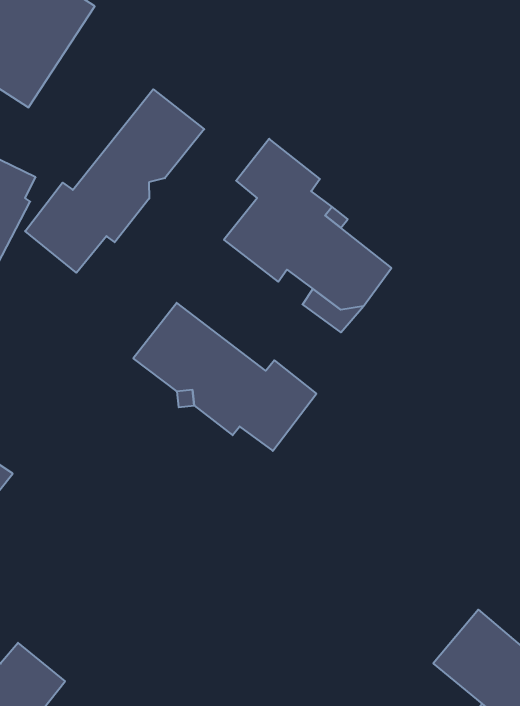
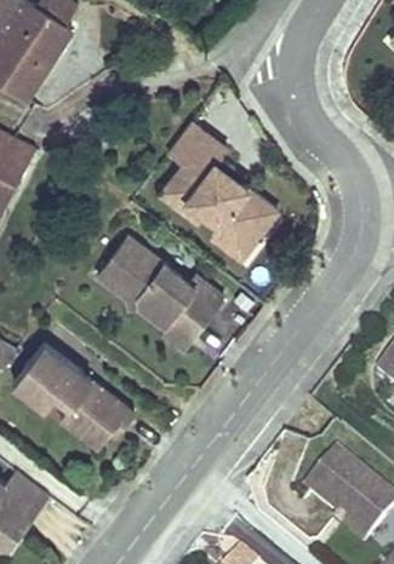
building: [25,89,204,273] -> none
building: none -> [13,343,135,447]

